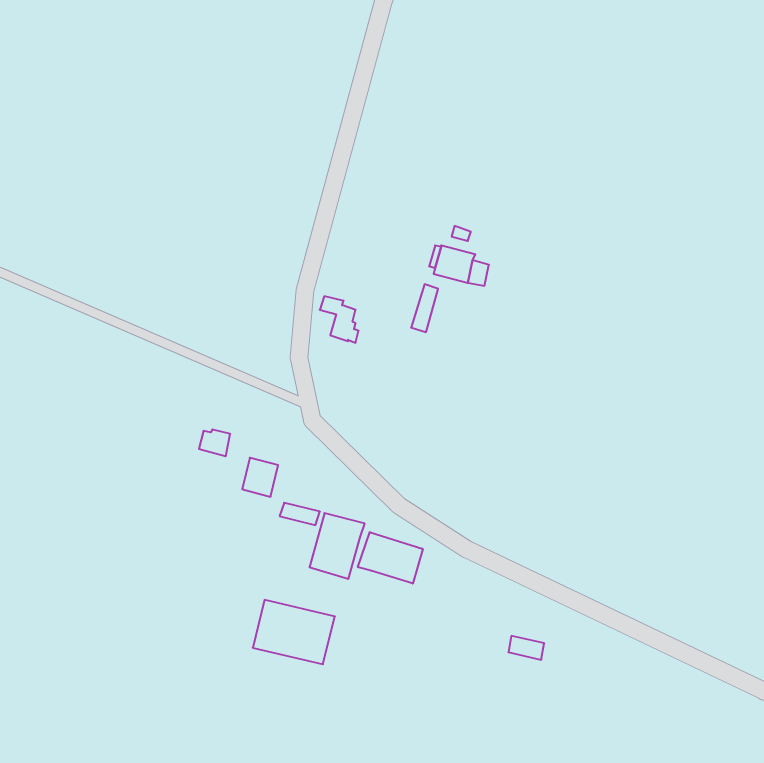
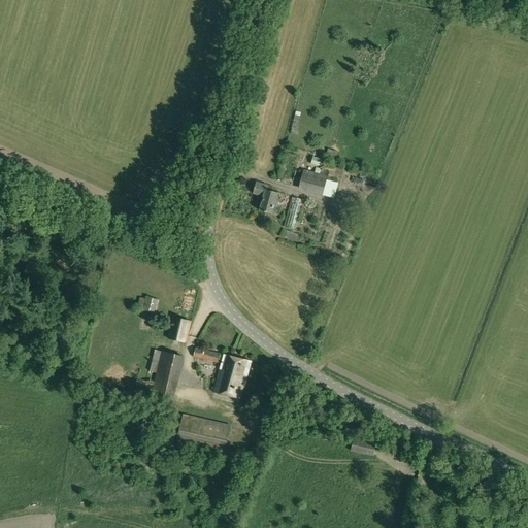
building: [320,296,359,343] -> [253,183,279,214]
building: none -> [133,350,184,402]
building: [358,532,423,584] -> none

